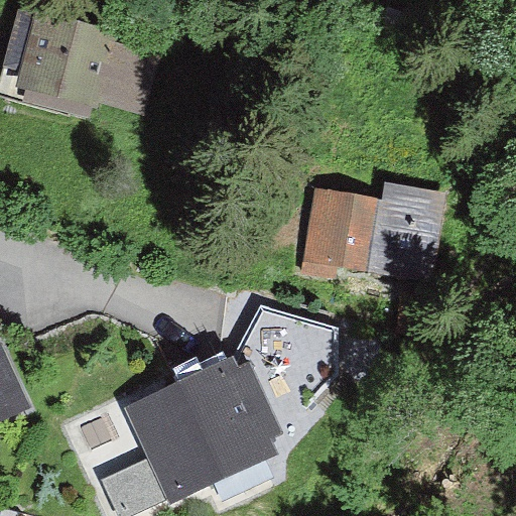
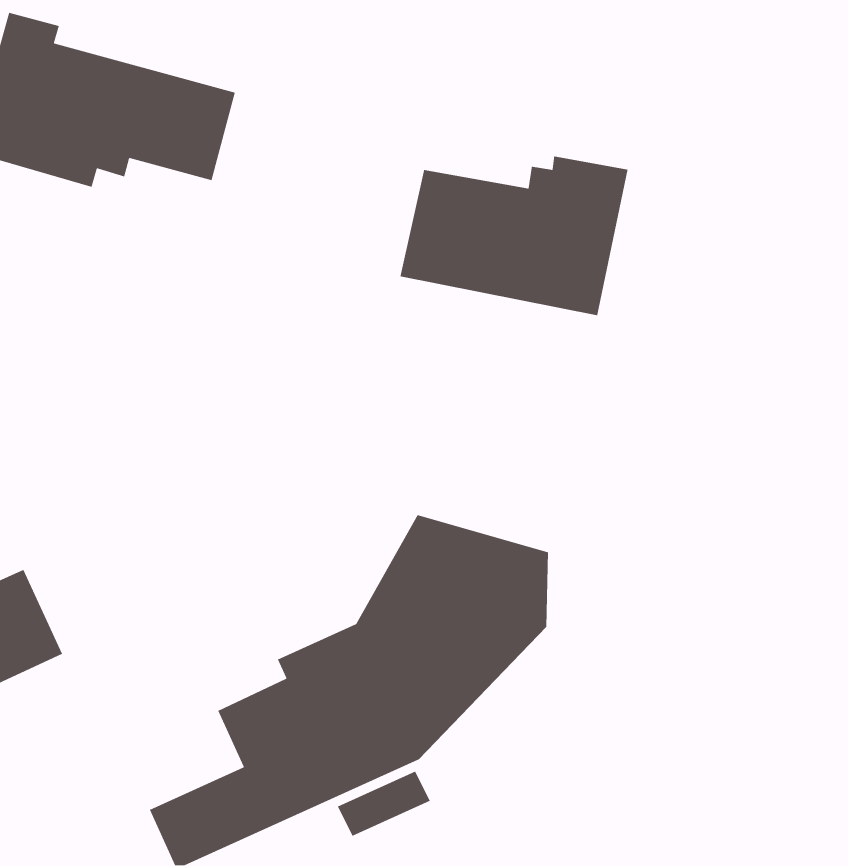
building: [302,184,437,279] -> [400,155,629,316]

